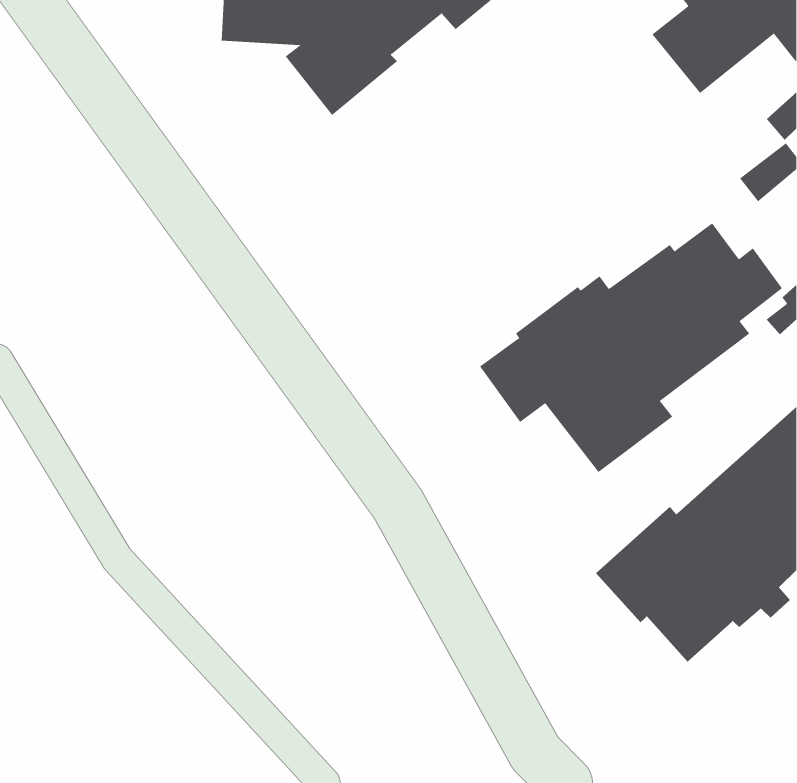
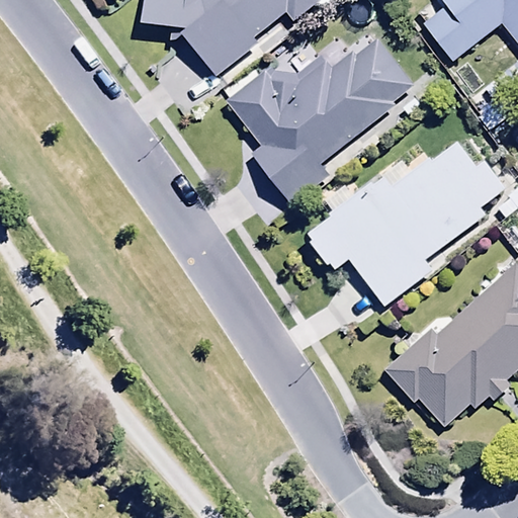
building: none -> [229,36,415,203]

